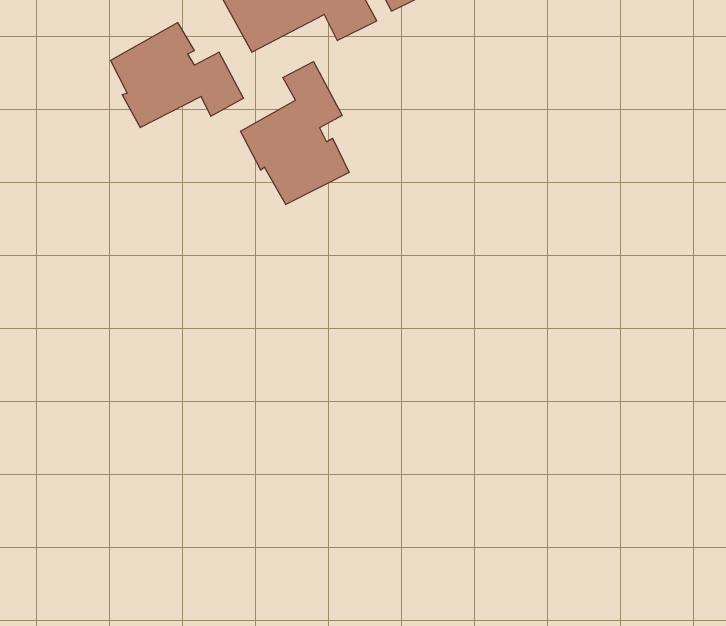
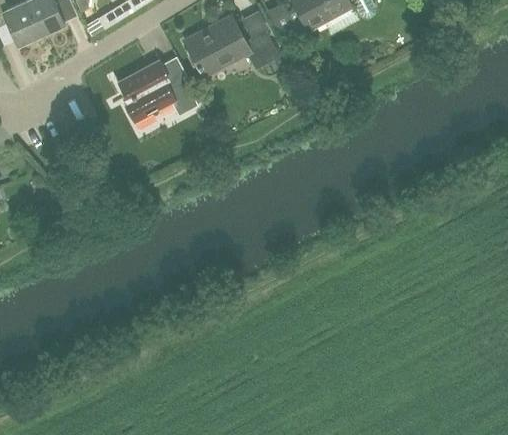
building: [241,62,349,205] -> none

